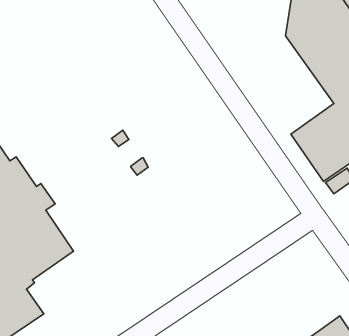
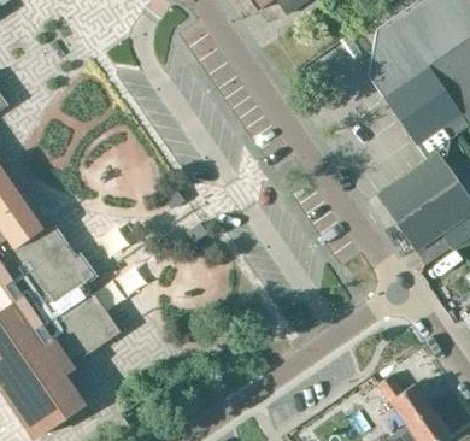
building: none -> [378,374,433,424]

